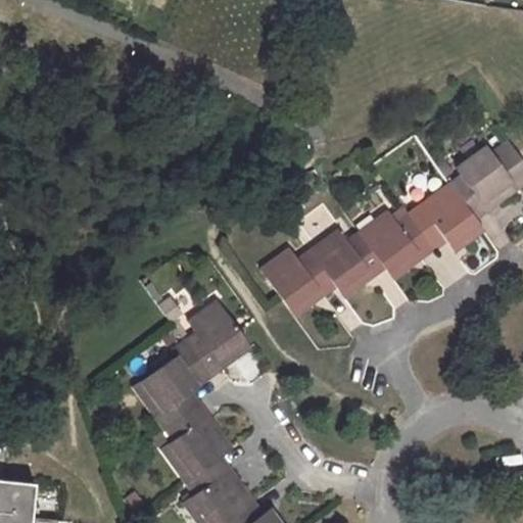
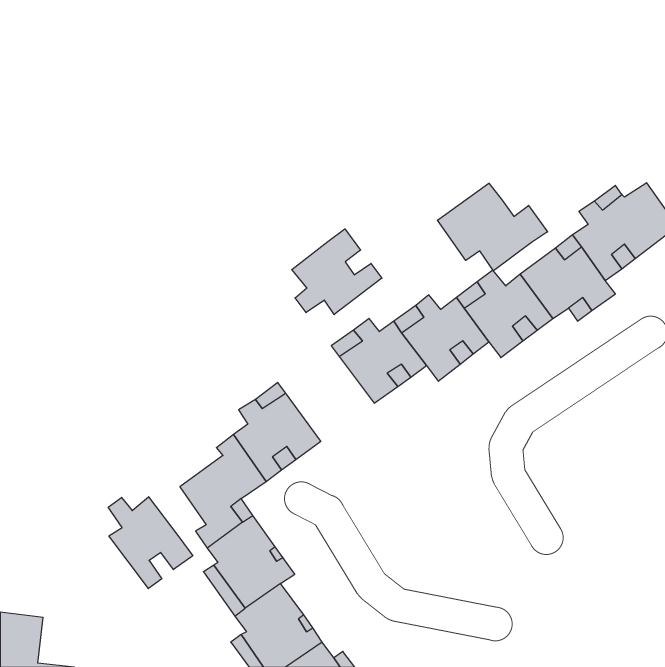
building: none -> [437,183,548,271]
building: none -> [292,229,382,315]
building: none -> [108,497,193,589]

